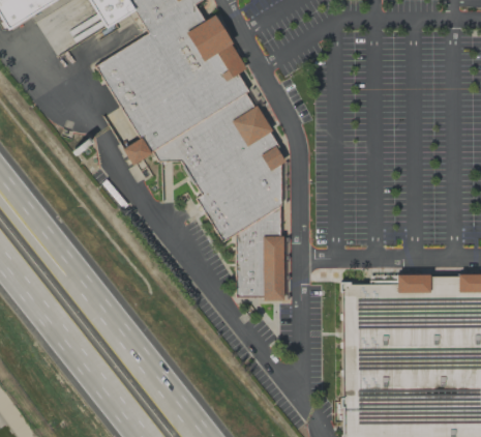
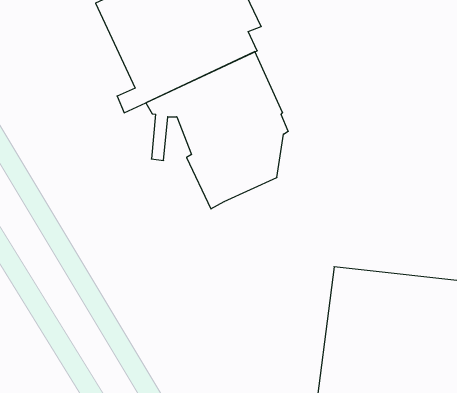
building: [236,204,282,296] -> none

